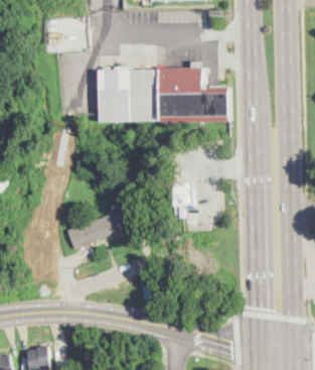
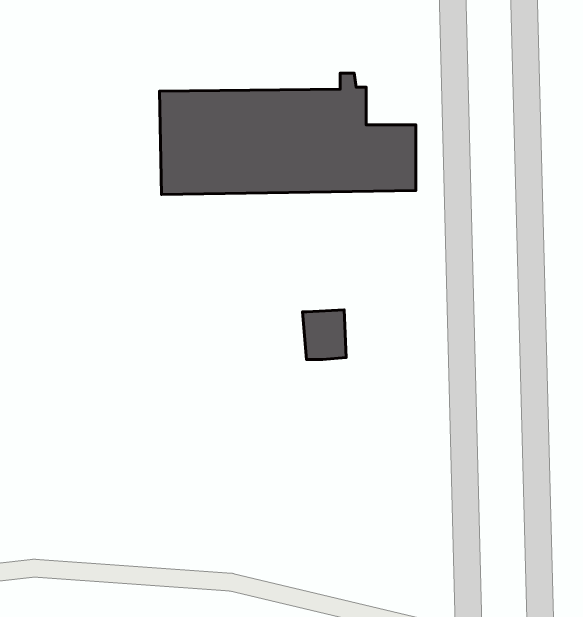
building: [66,206,138,248] -> none

